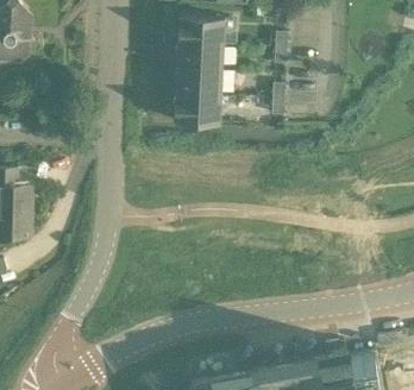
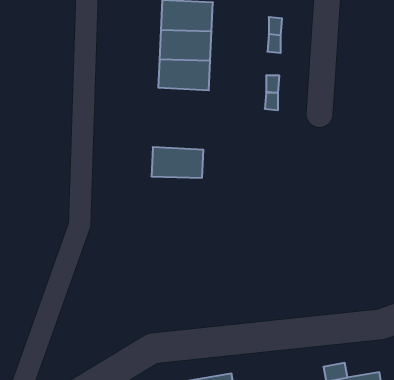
building: [175,99,221,126] -> [151,147,203,178]

